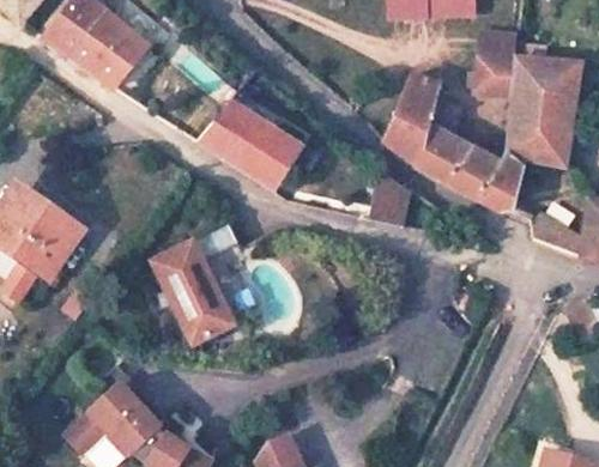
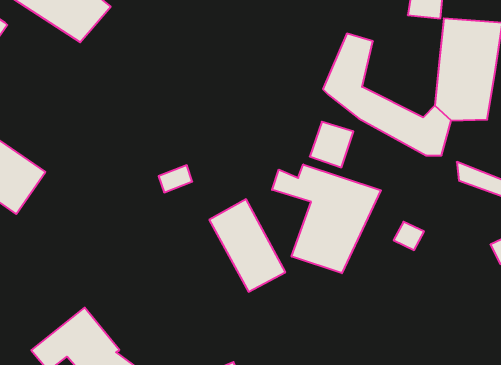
building: [472,56,516,108] -> none
building: [200,90,309,189] -> none
building: none -> [272,164,381,273]
building: [151,239,235,341] -> [209,199,285,292]

